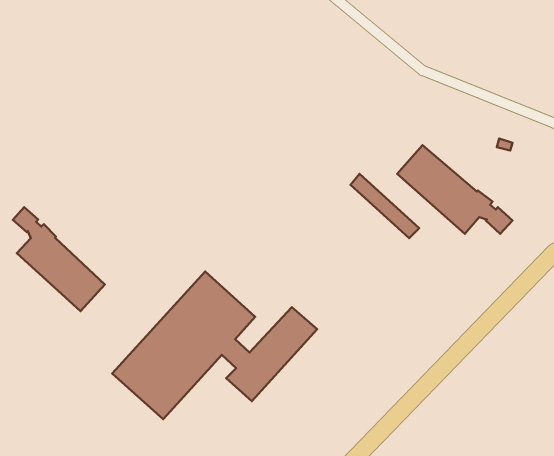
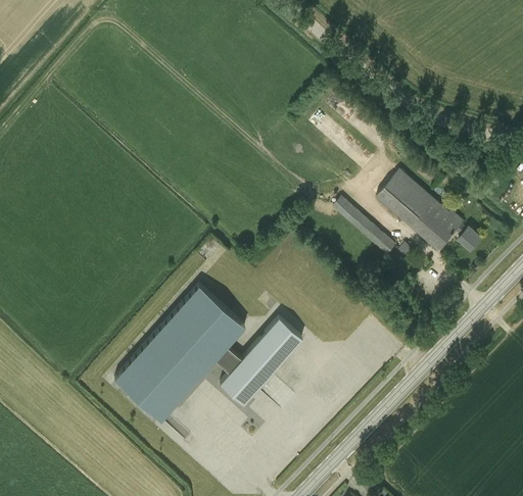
building: [13,207,105,311] -> none

